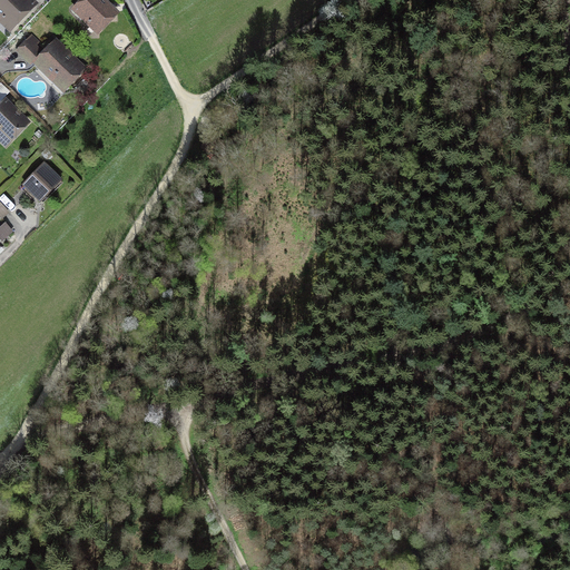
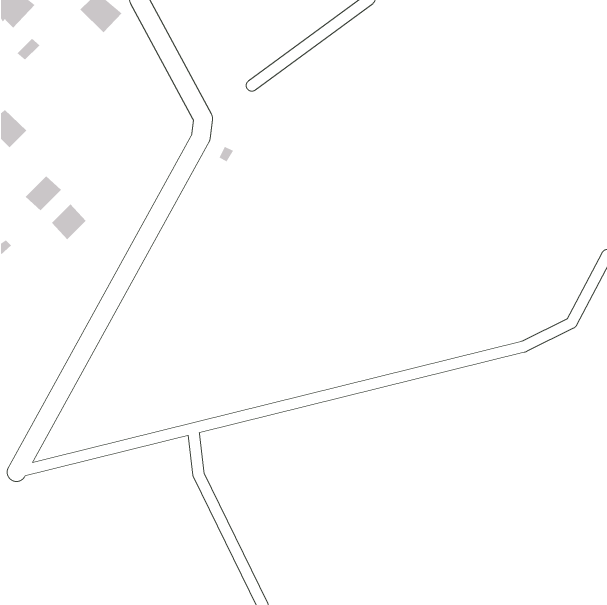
building: [36,42,82,86] -> none
building: none -> [51,204,86,240]

